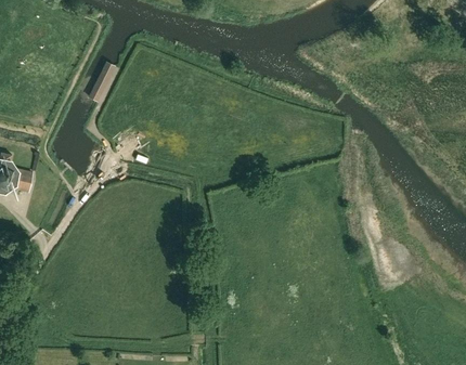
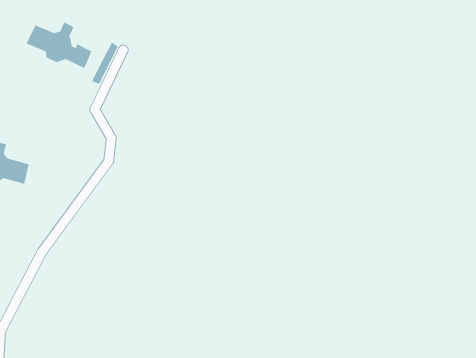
building: none -> [26,22,92,69]

